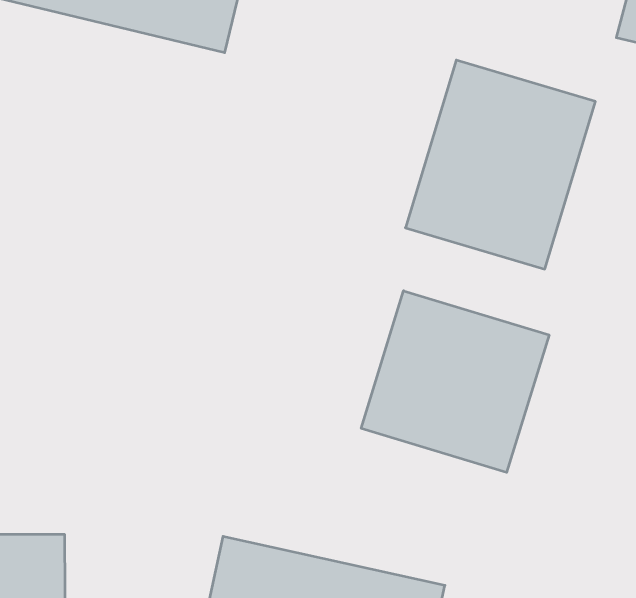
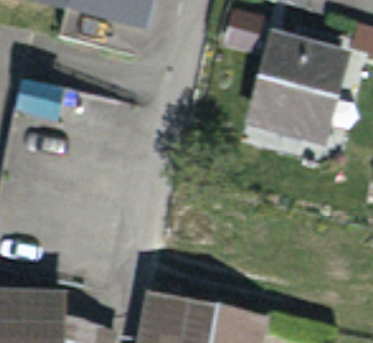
building: [361,291,549,472] -> none

